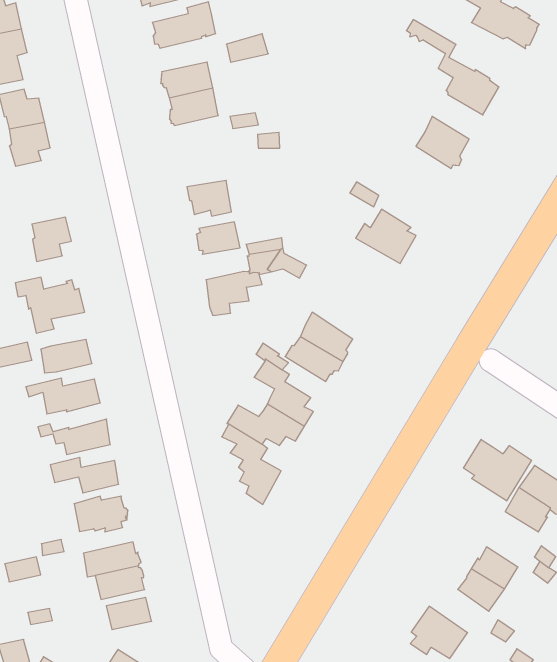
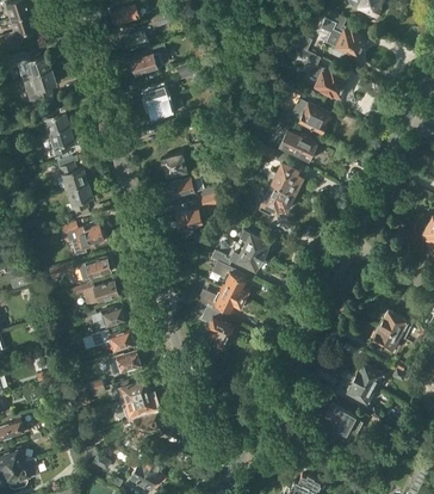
building: none -> [278,129,317,161]
building: none -> [57,163,87,192]
building: none -> [259,181,294,216]
building: [464,439,531,501] -> none

